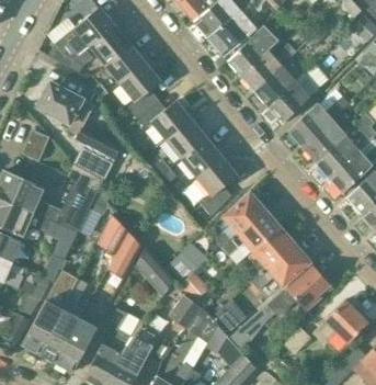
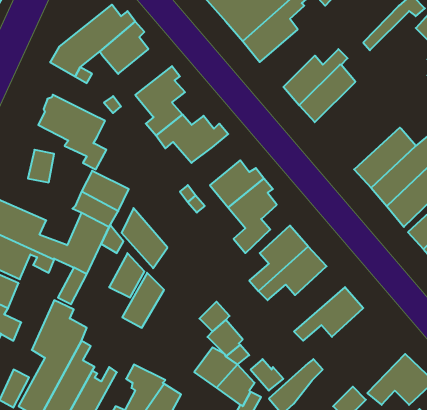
building: [228,25,278,77] -> none
building: [104,45,149,83] -> none
building: [269,72,318,123] -> none
building: [288,97,349,146] -> none
building: [166,116,206,159] -> none
building: [243,227,294,282] -> none
building: [136,247,174,297] -> [122,208,167,268]
building: [267,267,330,314] -> none

